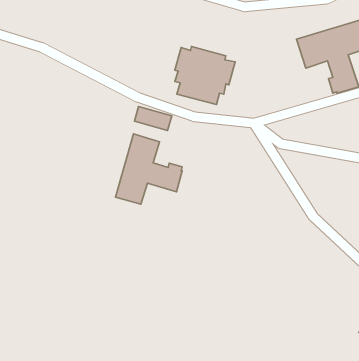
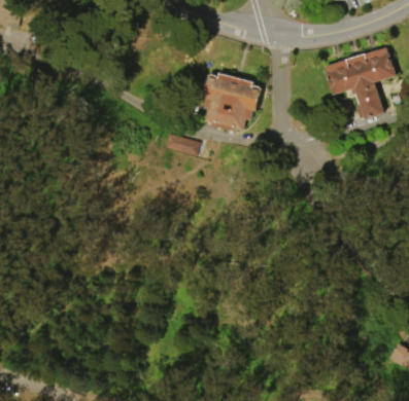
building: [116,134,182,204] -> none

